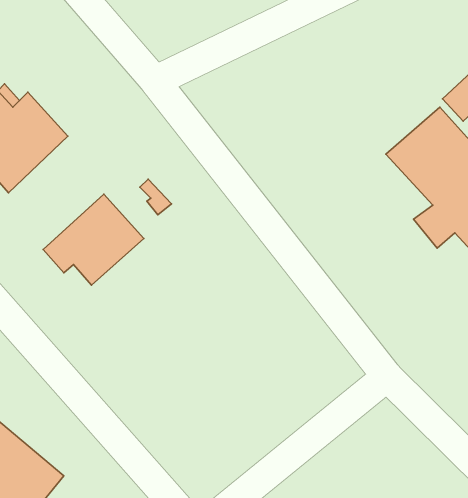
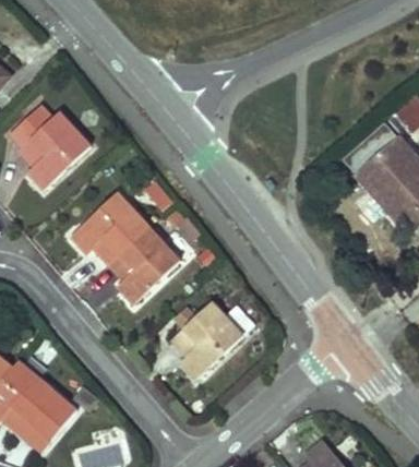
building: none -> [108,227,181,304]
building: none -> [170,301,255,381]

